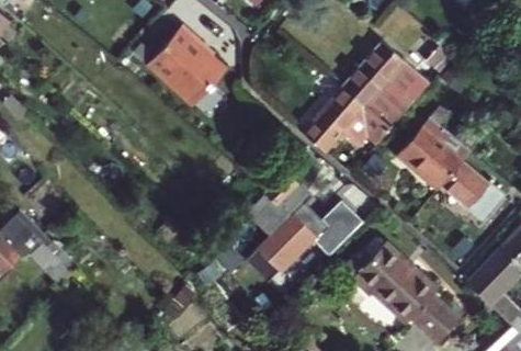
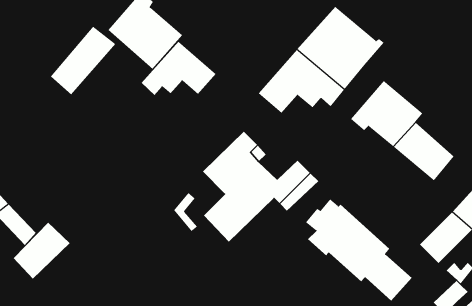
building: none -> [50,26,116,95]
building: none -> [141,41,216,96]
building: none -> [13,222,71,279]

